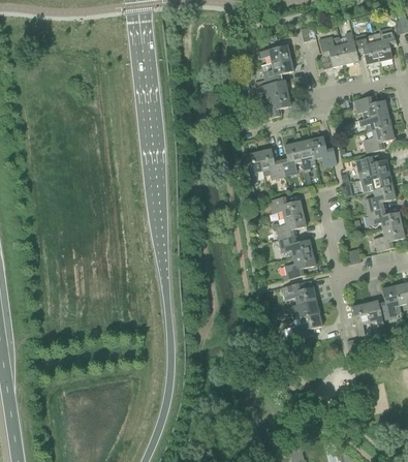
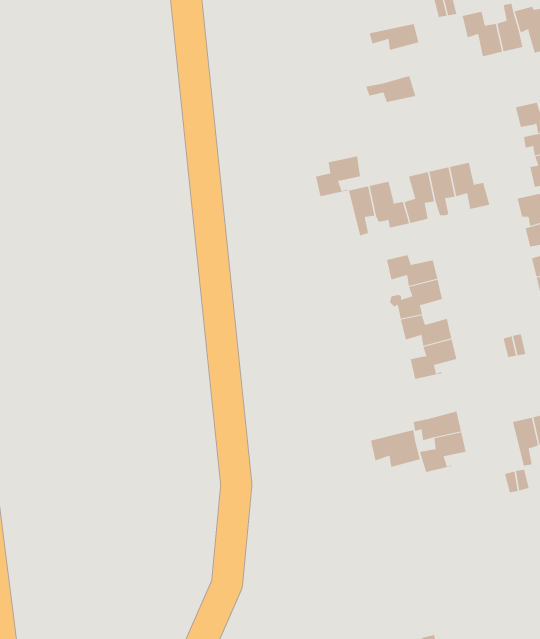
building: [255,57,294,86] -> none
building: [261,92,291,119] -> [315,156,361,197]
building: [283,279,316,304] -> [370,430,420,467]

